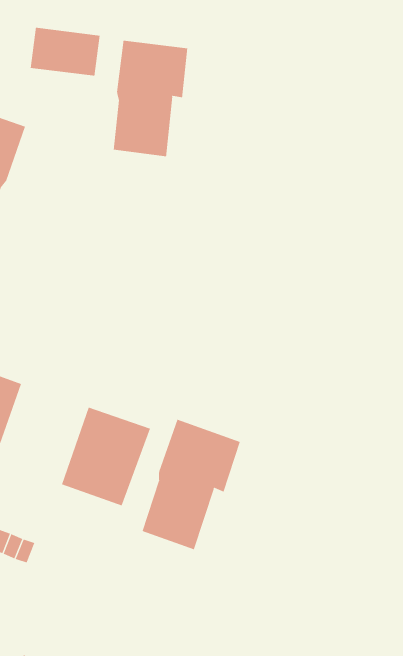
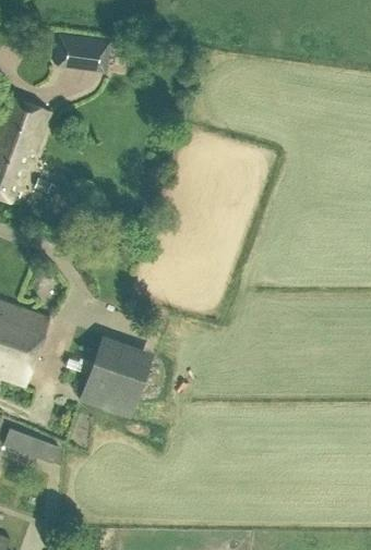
building: [113,40,188,157] -> none
building: [142,419,241,550] -> none

